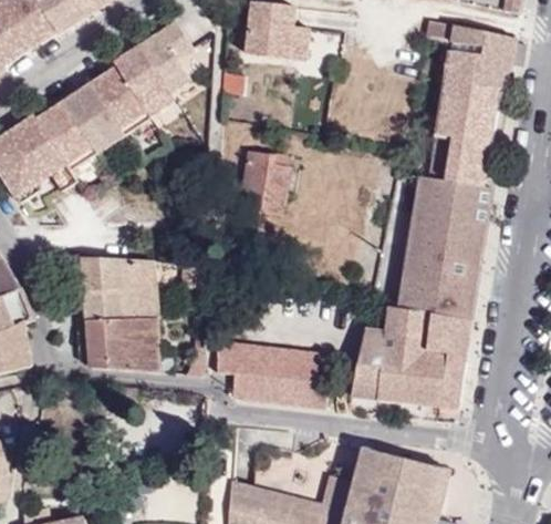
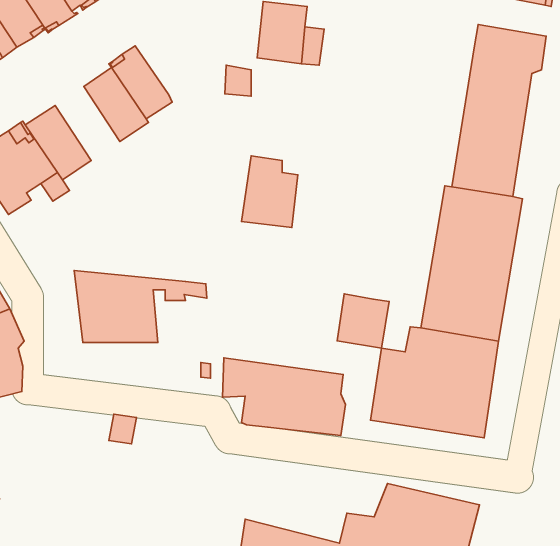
building: [134,22,186,91] -> none
building: [60,83,119,152] -> none
building: none -> [337,294,389,348]
building: [85,320,158,369] -> none

